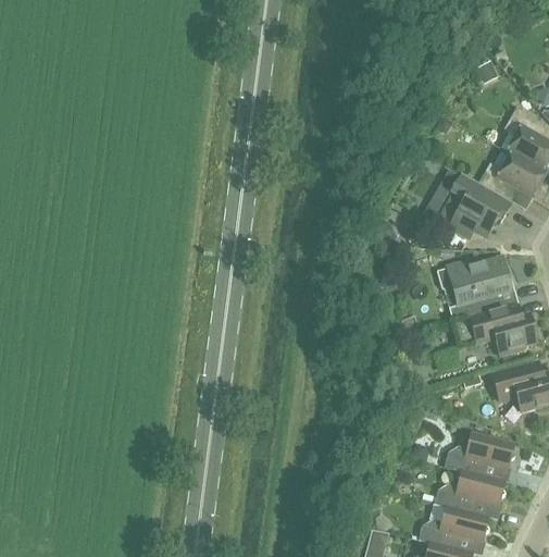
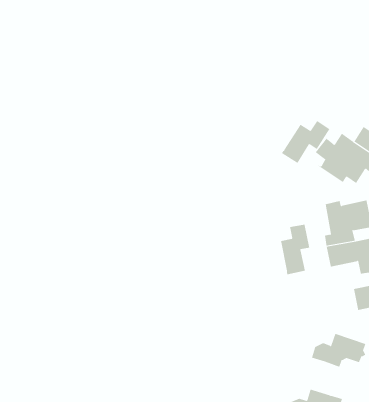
building: none -> [281,120,330,164]
building: none -> [281,224,310,275]
building: [434,471,504,513] -> none

